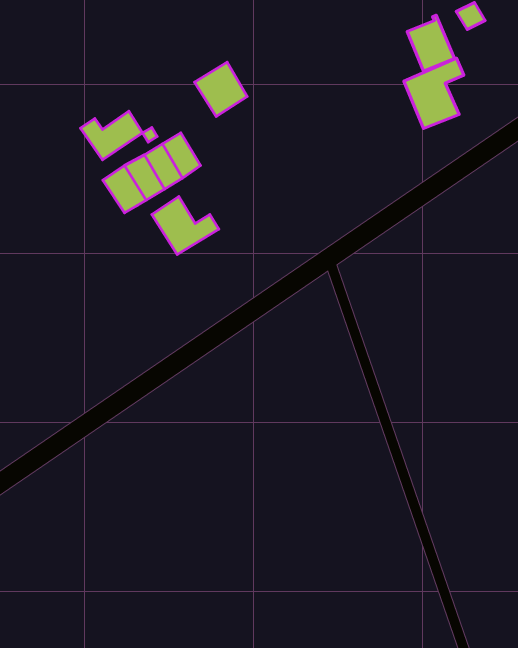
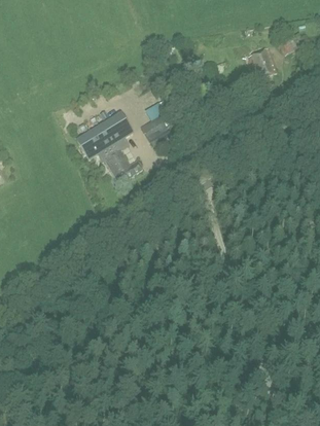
building: [404,58,464,128] -> none
building: [194,62,247,117] -> [140,113,170,144]
building: [80,111,143,160] -> none

